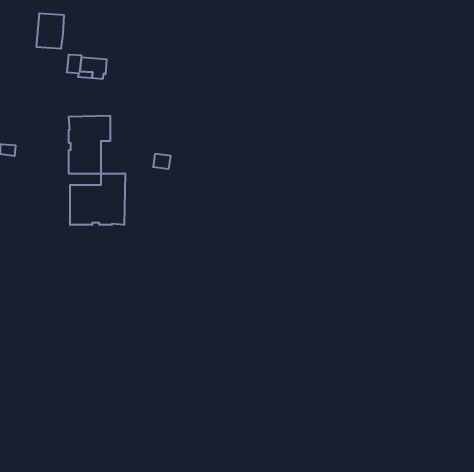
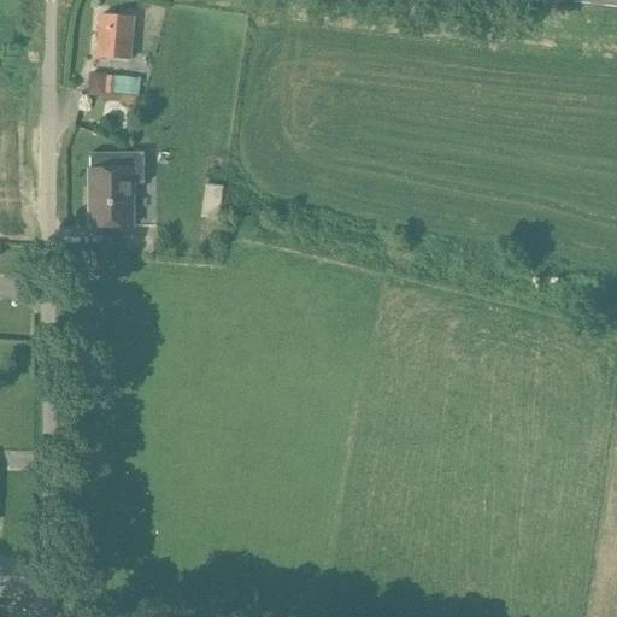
building: [36,13,64,49] -> [96,13,133,59]
building: [70,173,125,225] -> none

